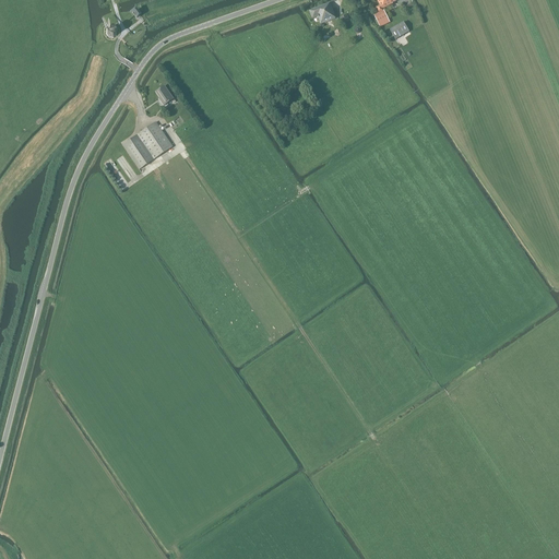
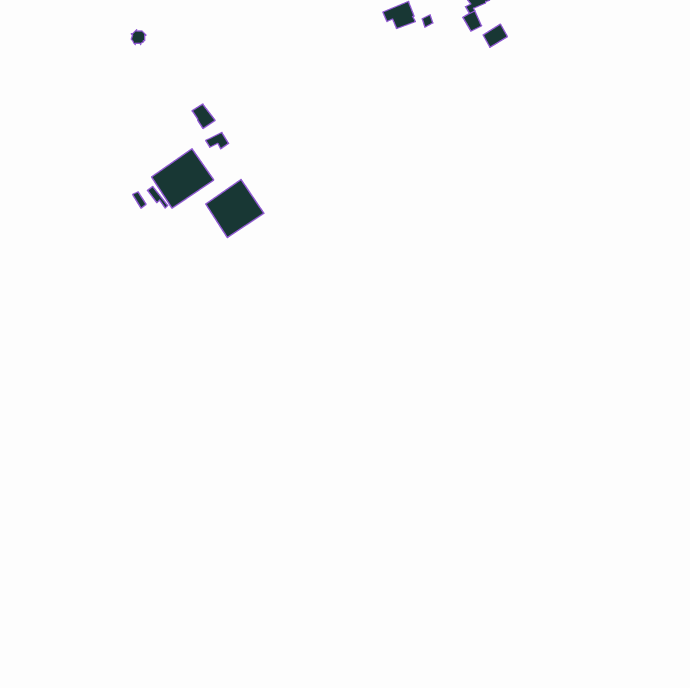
building: none -> [206,179,264,238]

